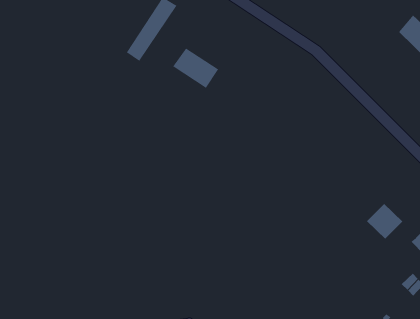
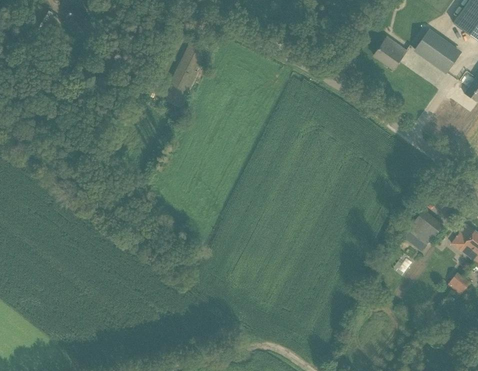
building: none -> [375,42,406,69]
building: [172,48,219,89] -> none

